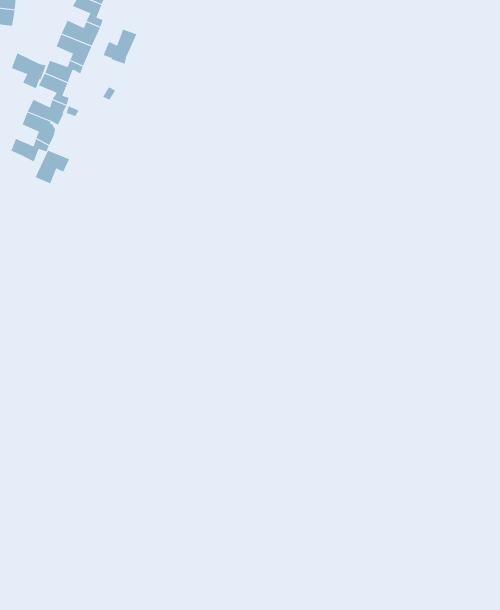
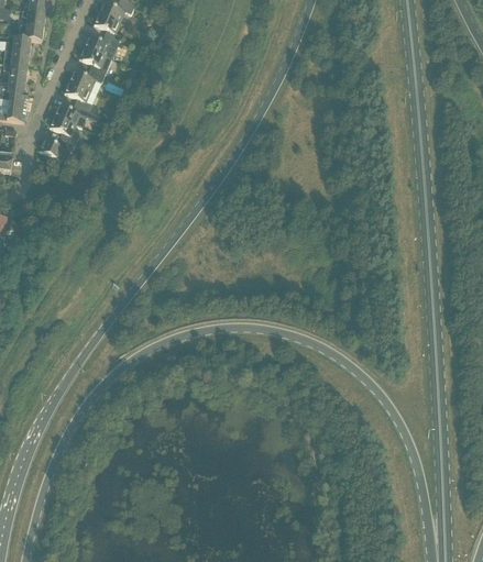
building: [103,29,137,64] -> none
building: [11,53,46,89] -> none
building: [35,150,70,184] -> none

